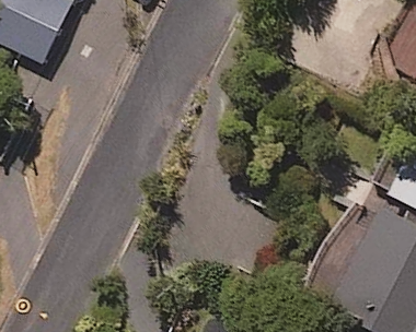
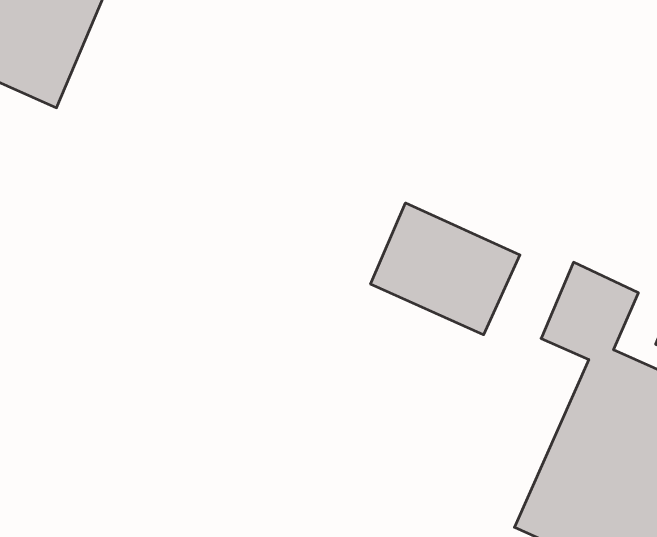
building: none -> [371,203,520,335]

